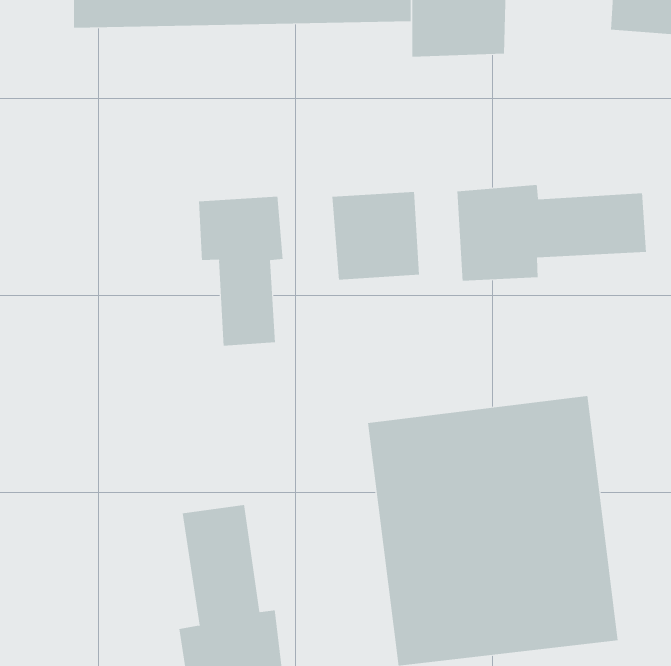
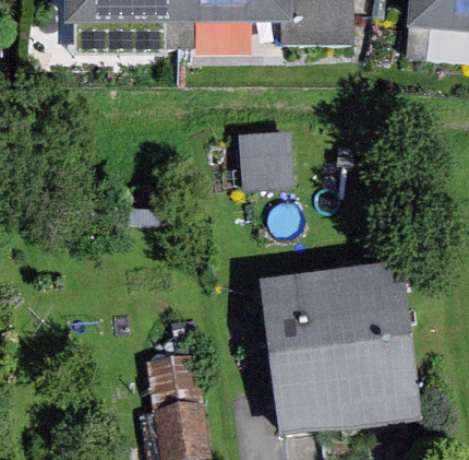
building: [457,184,647,282] -> none
building: [198,196,283,347] -> none

